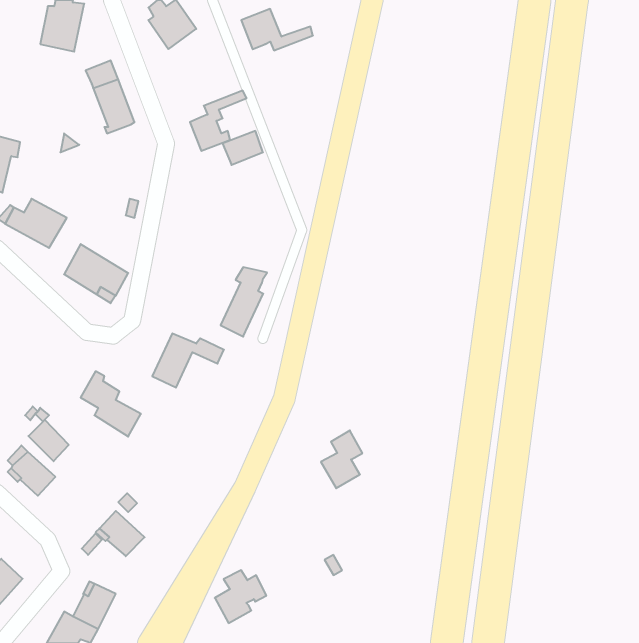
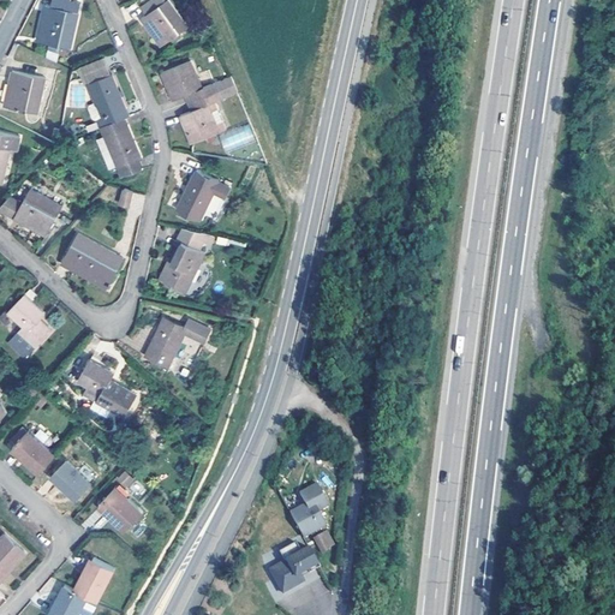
building: [241,9,313,50] -> [163,61,232,101]
building: none -> [5,71,46,114]
building: none -> [96,119,142,178]
building: none -> [178,172,229,222]
building: [221,267,267,337] -> [163,229,208,295]
building: none -> [7,294,50,348]
building: [28,420,69,461] -> [48,460,86,500]
building: [321,430,362,488] -> [286,479,326,535]
building: [215,570,266,623] -> [267,539,316,590]

